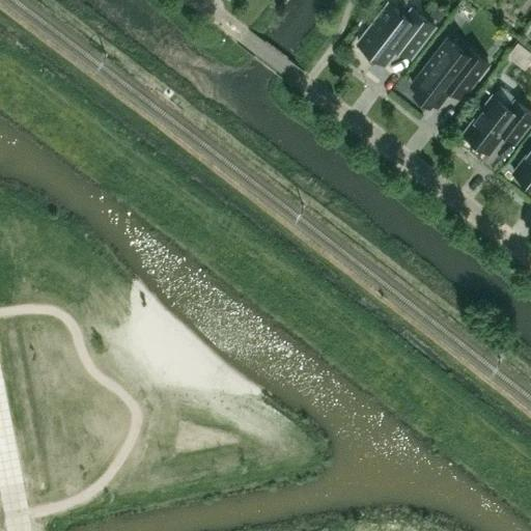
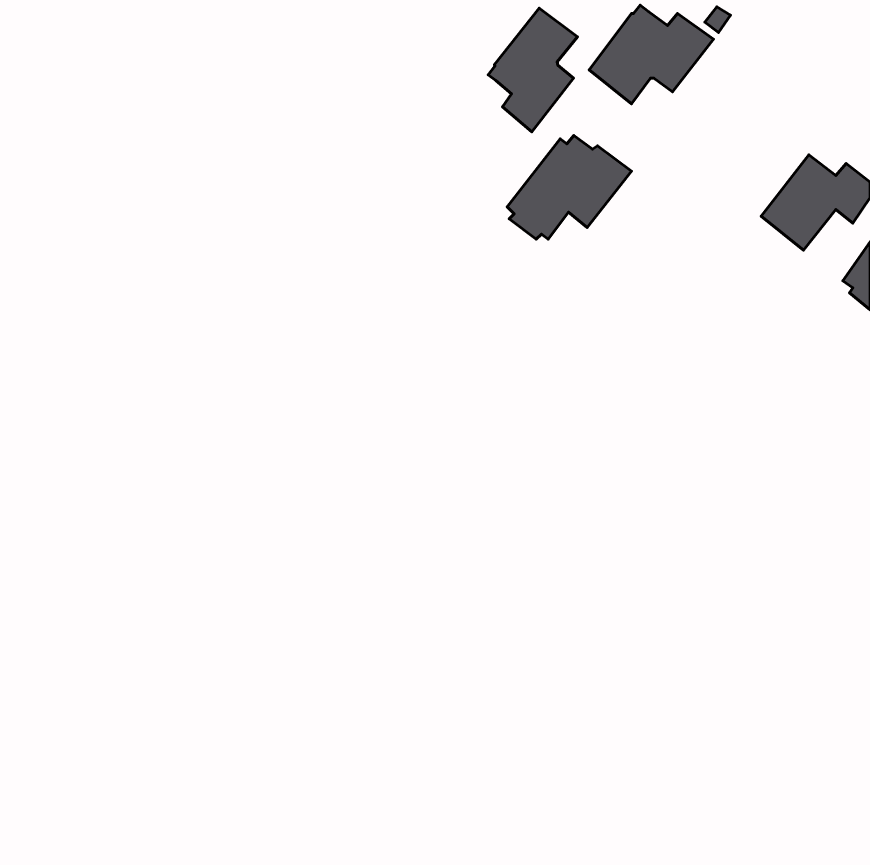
building: none -> [488,8,578,132]
building: [413,44,488,107] -> [507,135,632,239]

